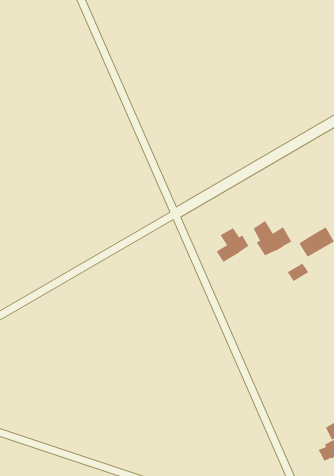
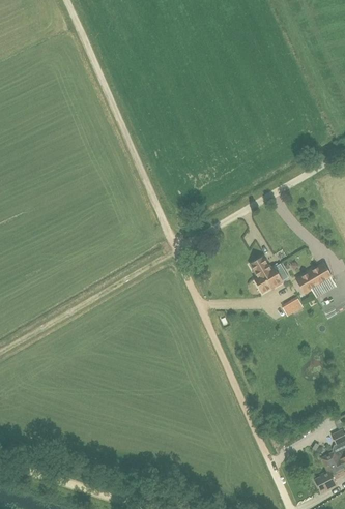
building: [216,228,249,263] -> none

